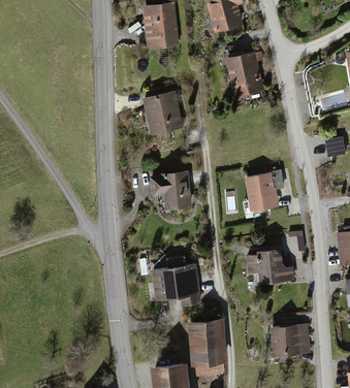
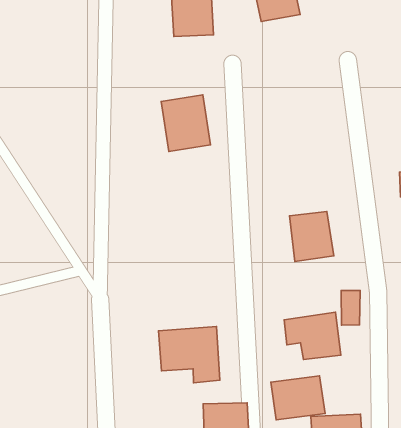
building: [224,53,262,98] -> none
building: [150,172,191,211] -> none
building: none -> [271,376,325,420]

